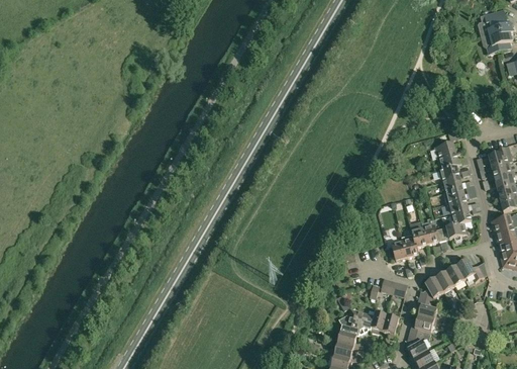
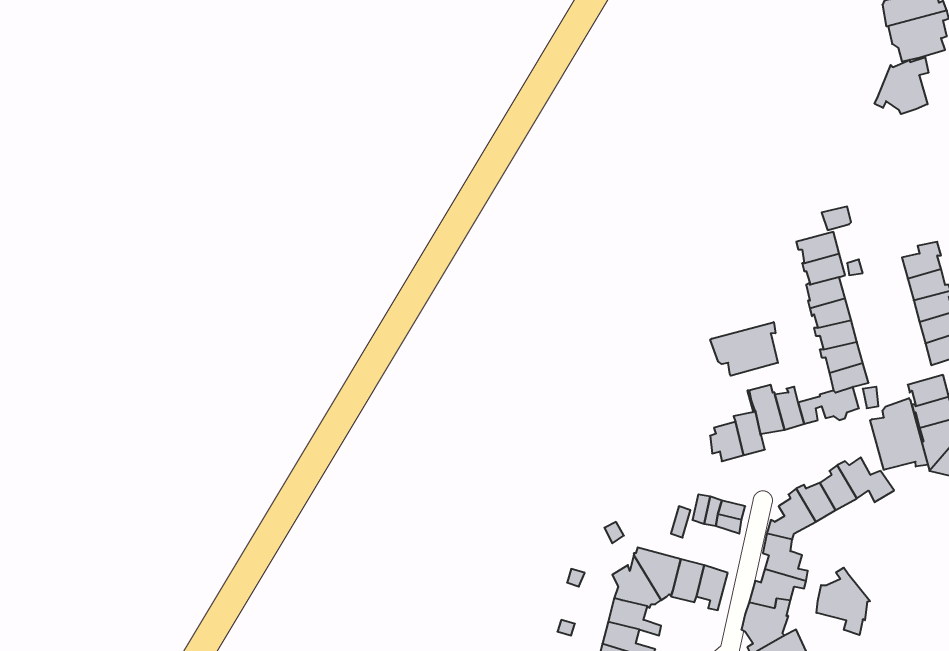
building: none -> [875,57,929,114]
building: none -> [710,322,778,376]
building: none -> [870,398,928,470]
building: none -> [816,568,870,635]

